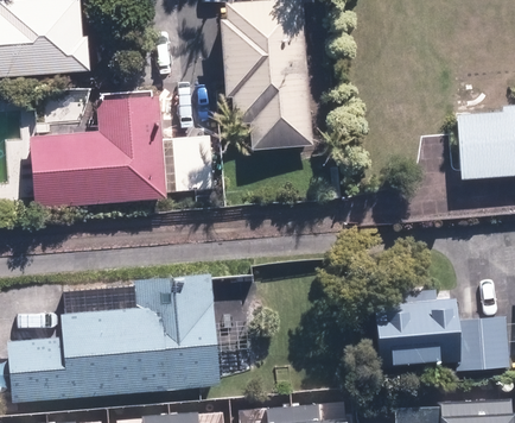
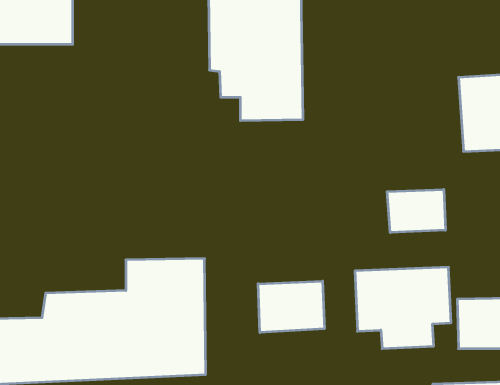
building: [30,90,163,207] -> none
building: none -> [387,189,445,233]
building: none -> [258,281,324,333]

